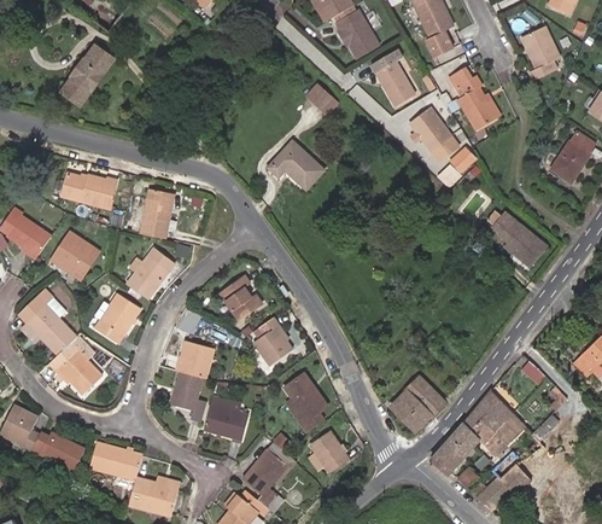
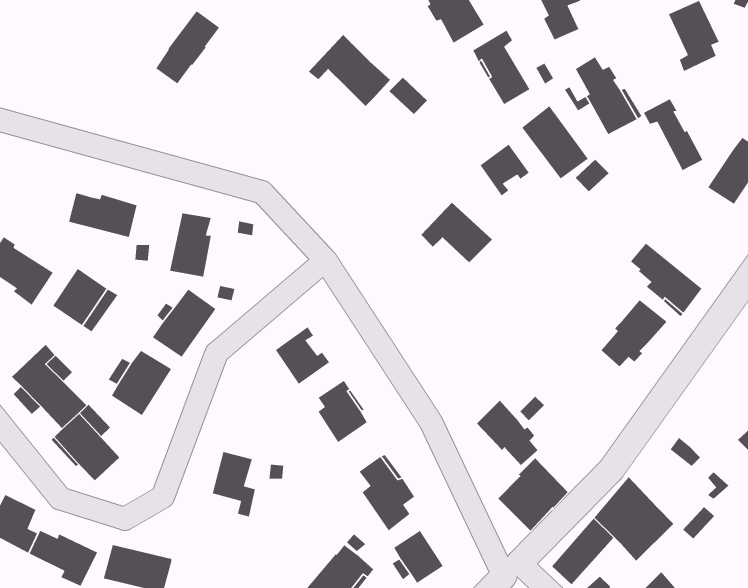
building: [63,47,112,104] -> [155,10,220,84]
building: none -> [308,34,391,107]
building: none -> [643,98,703,171]
building: none -> [480,144,530,196]
building: [268,141,323,188] -> [420,202,493,263]
building: none -> [601,299,667,367]
building: none -> [476,400,538,466]
building: [176,339,215,378] -> none
building: [203,395,249,439] -> none

